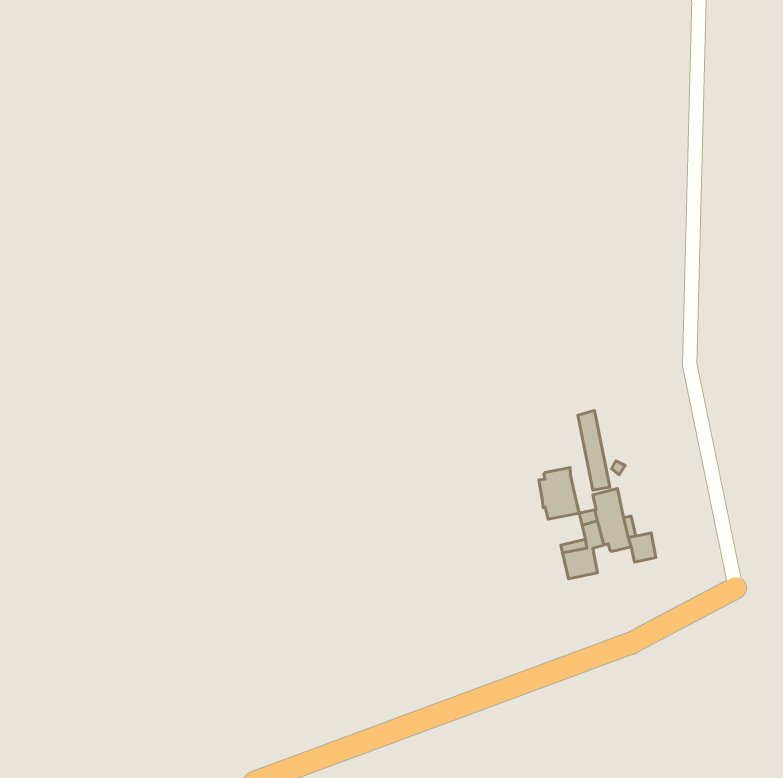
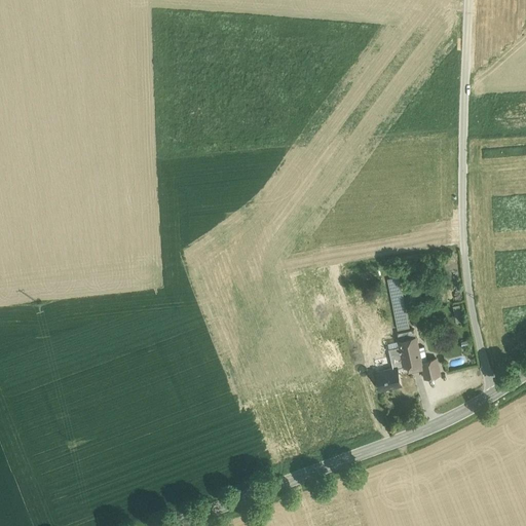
building: [539,467,579,519] -> none

